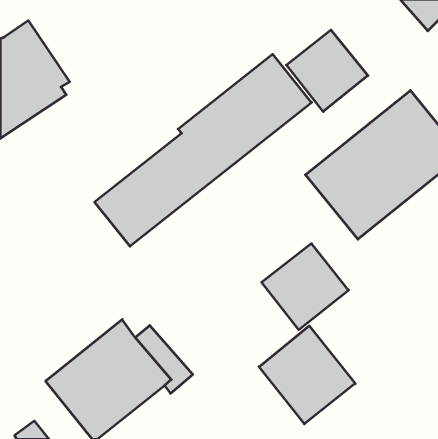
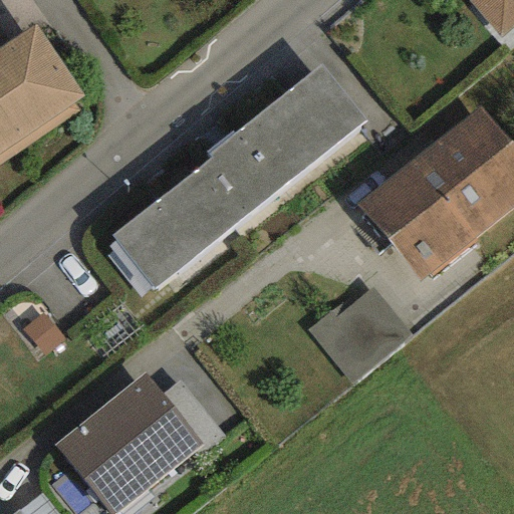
building: [286,30,368,112] -> none
building: [259,326,355,424] -> none

